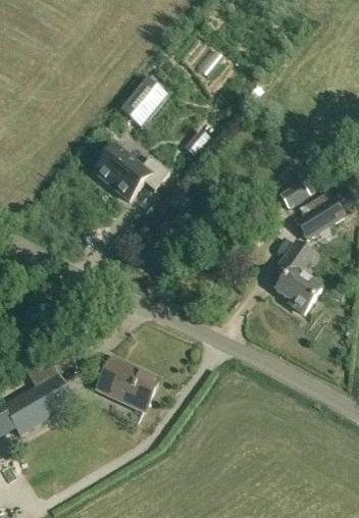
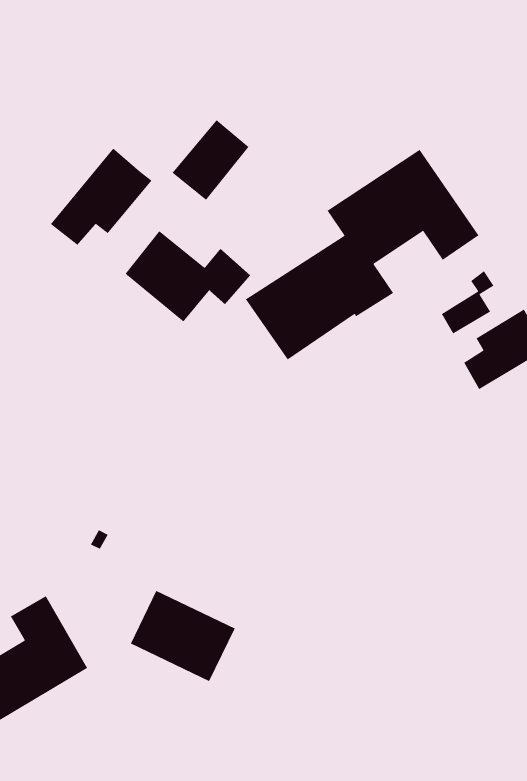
building: none -> [50,148,152,246]
building: none -> [245,149,479,361]
building: [275,242,321,313] -> none

